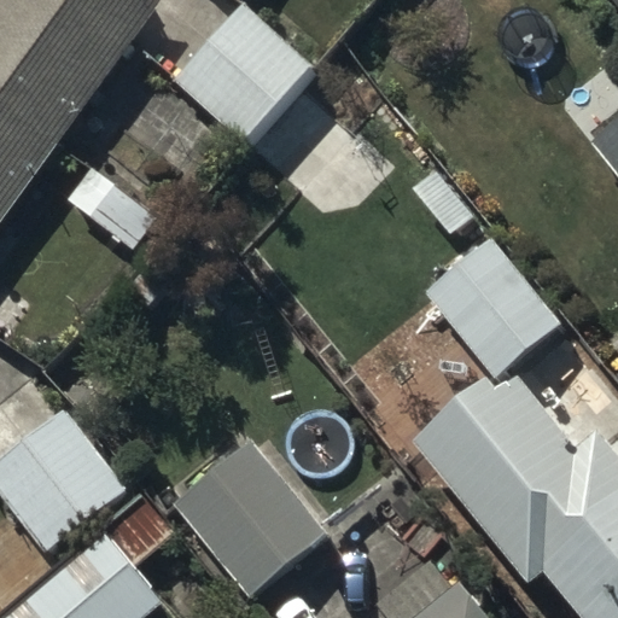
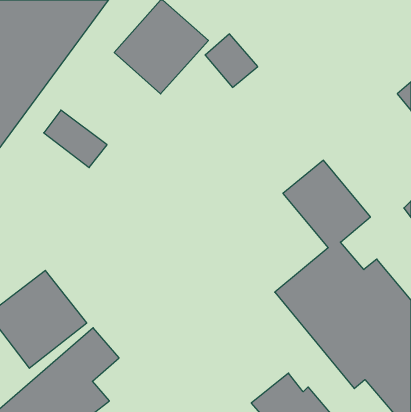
building: [171,438,327,596] -> none

